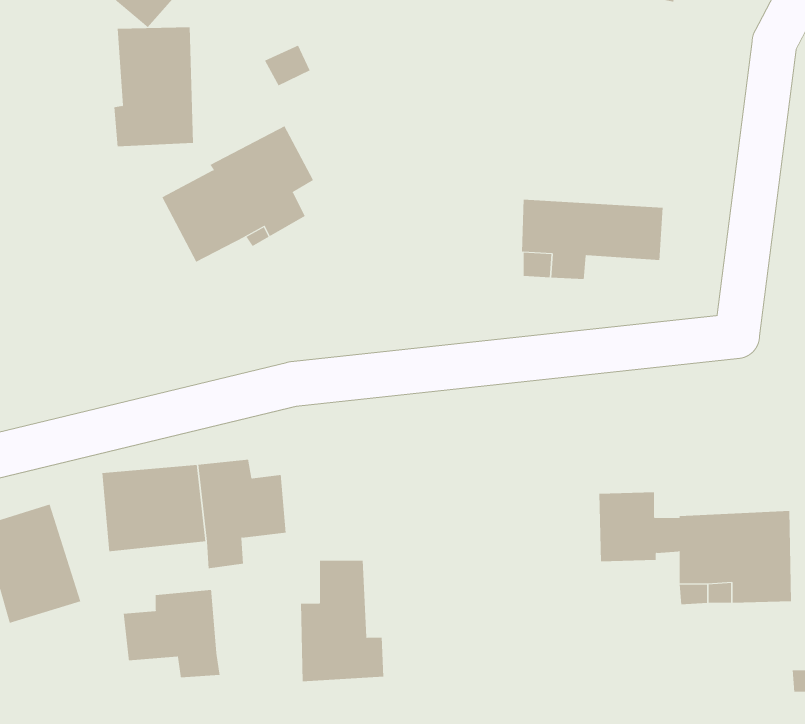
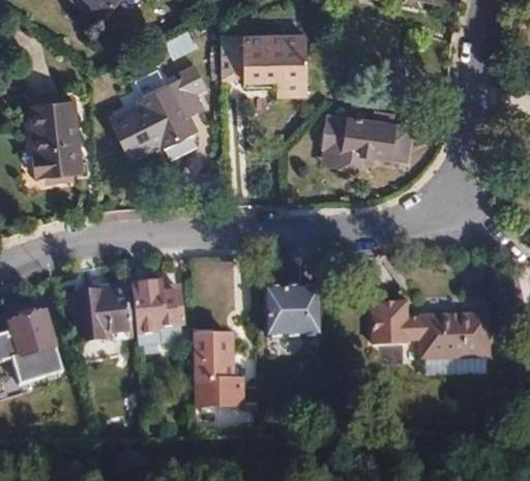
building: [113,27,194,147] -> [31,98,80,171]
building: none -> [223,37,308,96]
building: none -> [265,289,319,336]
building: [123,589,220,678] -> none

